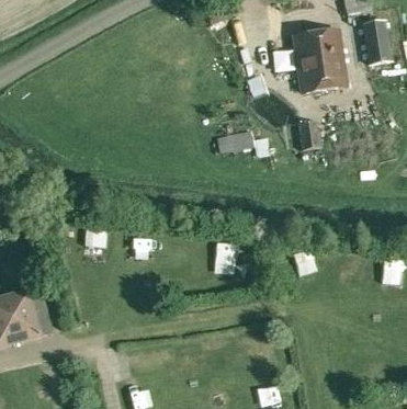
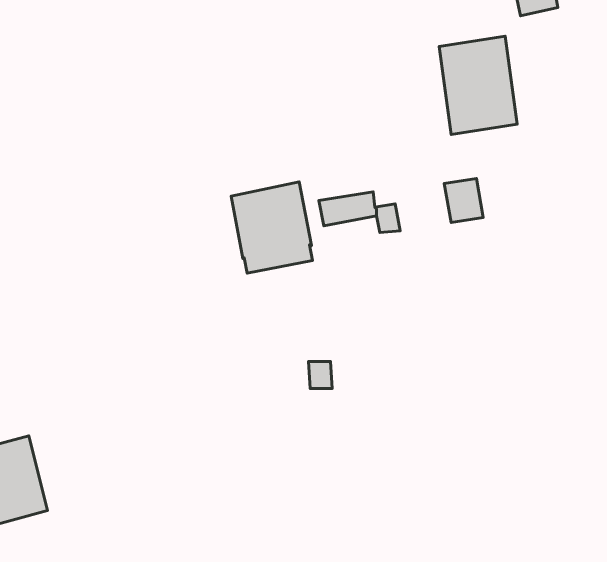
building: [364,21,392,63] -> none
building: none -> [231,182,312,273]

